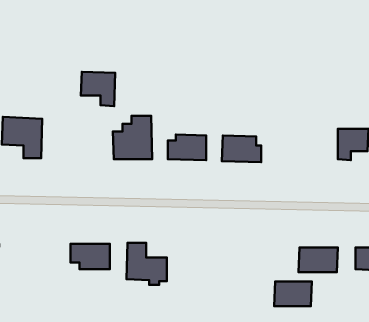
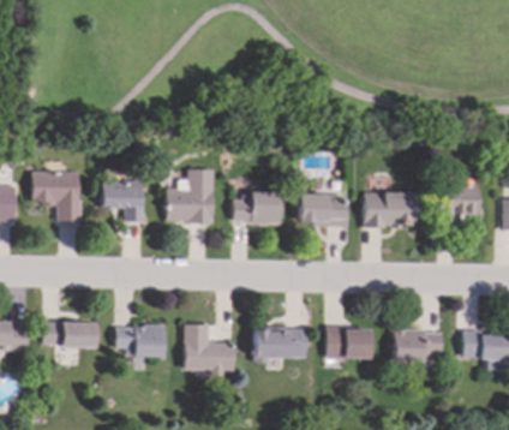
building: [81,72,115,106] -> [102,180,144,222]
building: none -> [364,192,419,227]
building: none -> [42,322,98,346]
building: none -> [253,328,306,363]
building: [274,282,312,306] -> [325,328,371,358]

